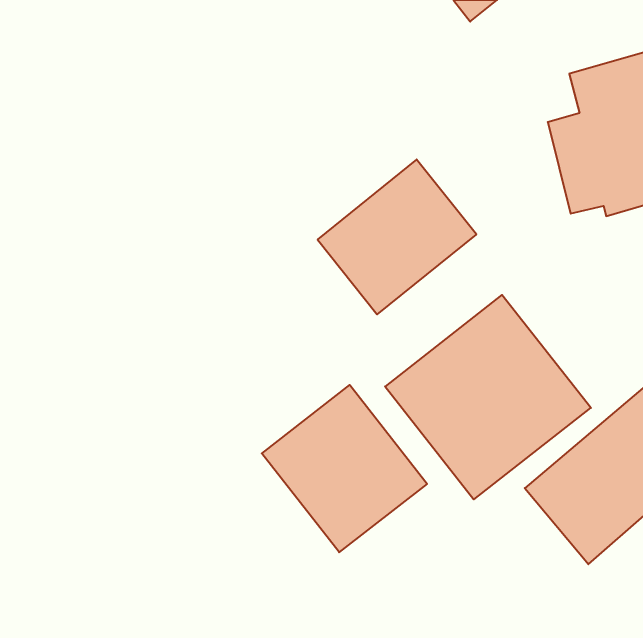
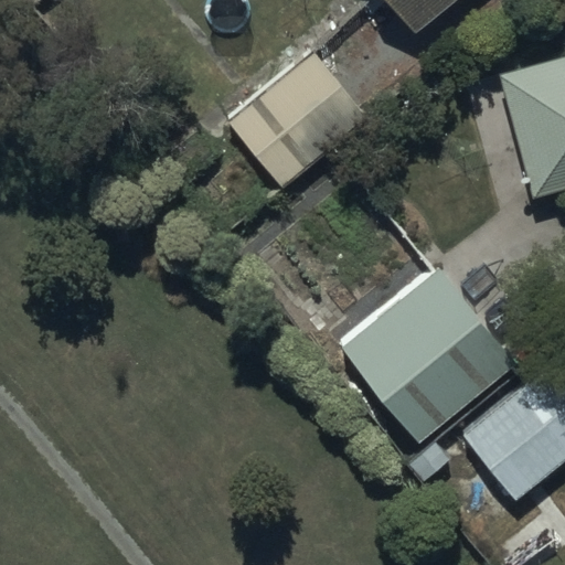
building: [318,159,476,314] -> [230,53,367,188]
building: [262,385,427,552] -> none

